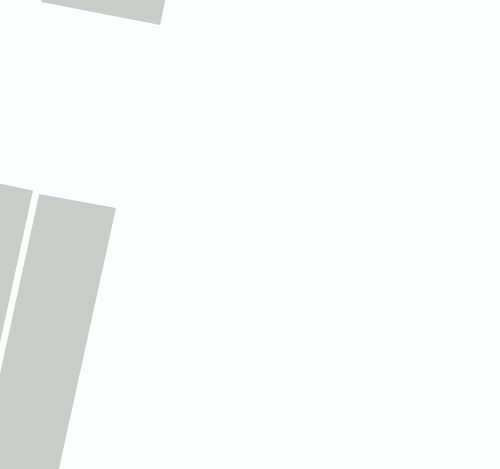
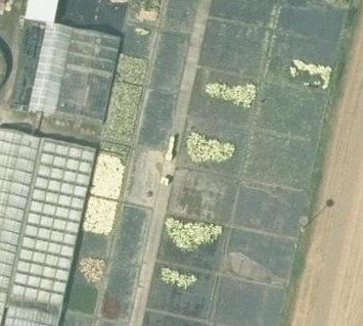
building: none -> [29,20,122,123]

